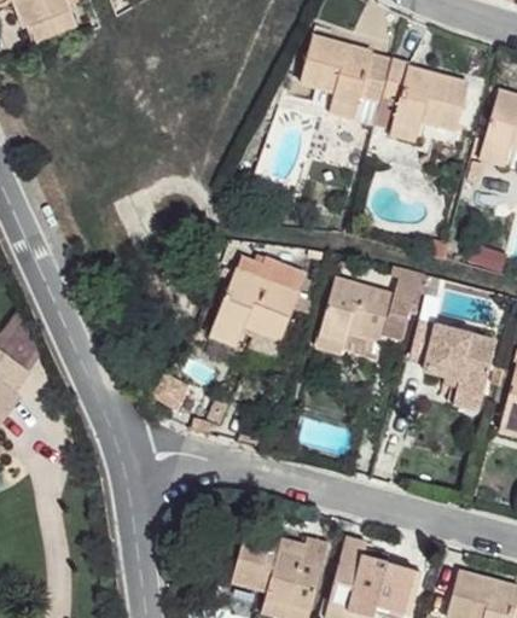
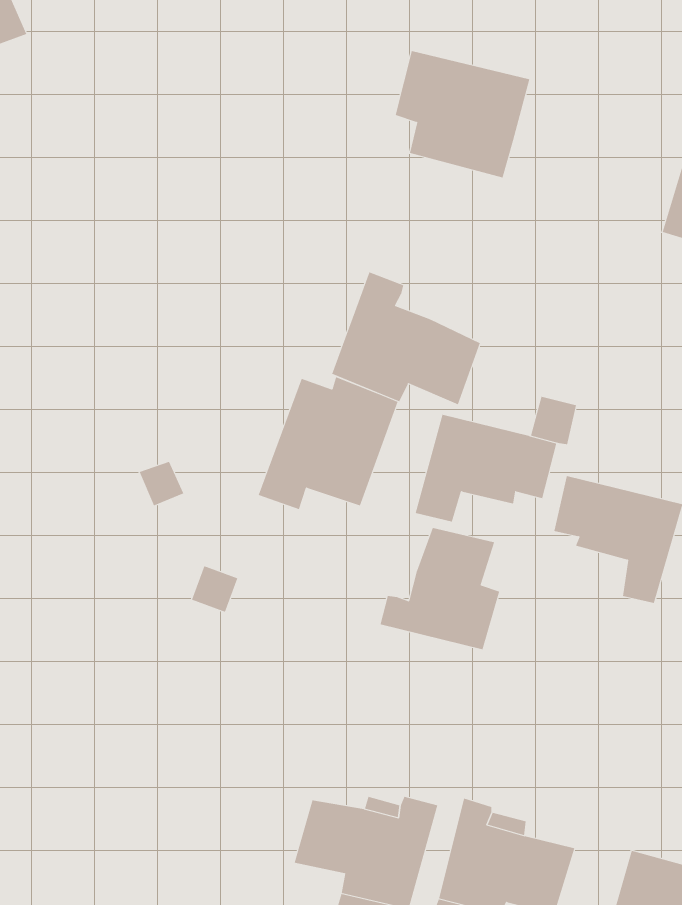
building: [382,57,470,142] -> none
building: none -> [331,271,480,405]
building: none -> [380,527,500,650]

